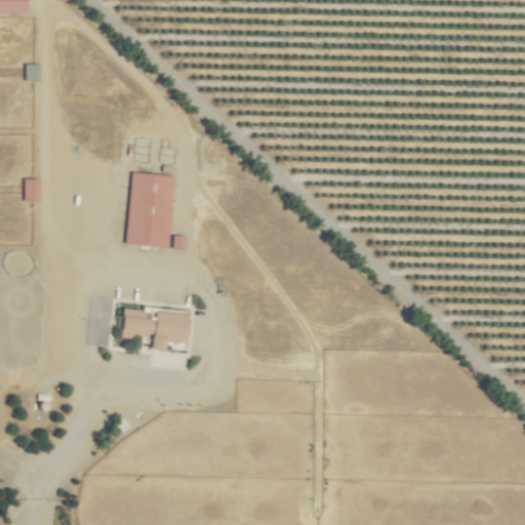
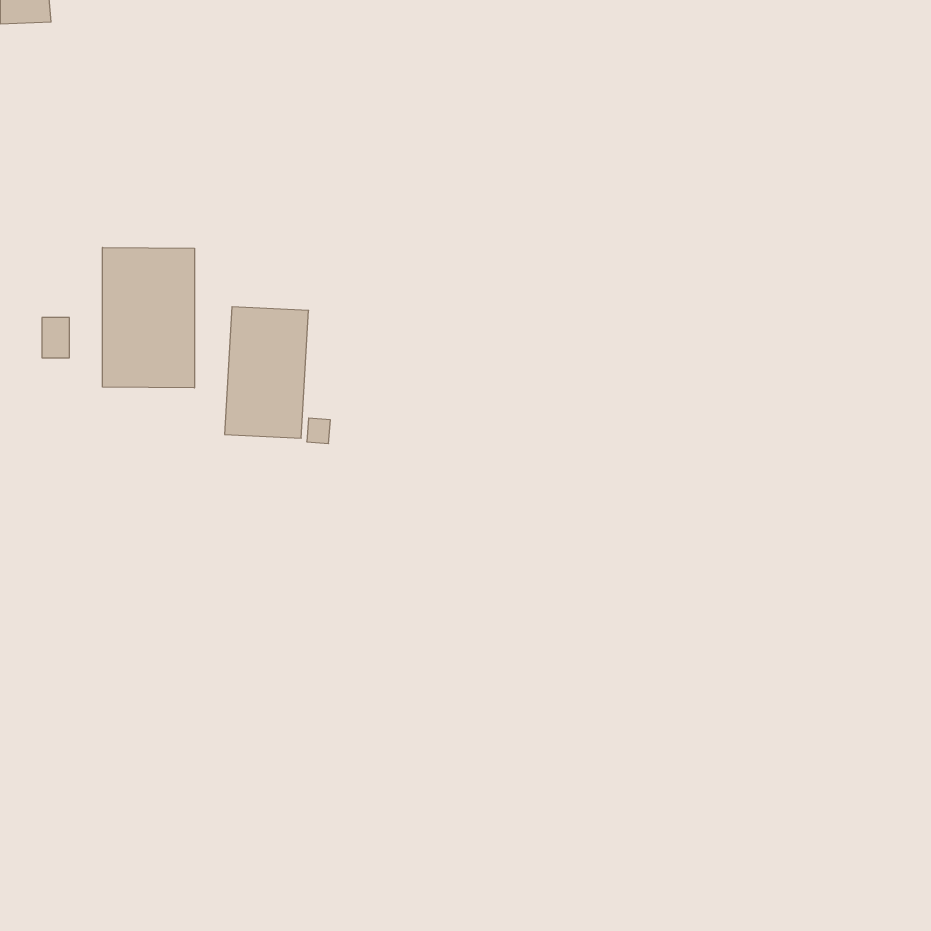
building: none -> [103,247,194,388]
building: [123,309,190,350] -> none

